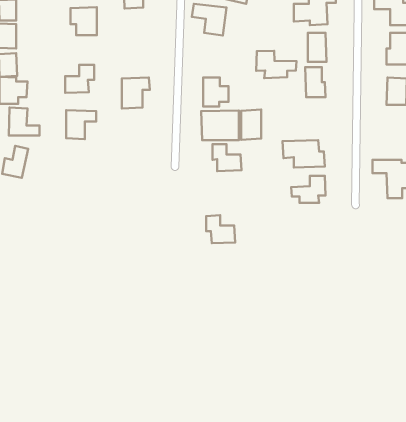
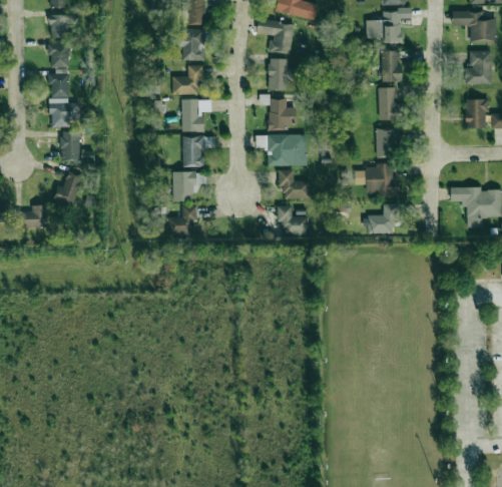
building: [71,7,97,35] -> [176,30,204,60]
building: none -> [268,59,293,89]
building: [256,51,297,78] -> none
building: [65,65,94,93] -> [172,65,203,95]
building: none -> [376,128,398,157]
building: [241,110,261,140] -> none
building: [66,110,96,139] -> [182,136,214,167]
building: none -> [172,171,196,201]
building: none -> [166,205,195,237]
building: [206,215,235,243] -> [277,205,308,235]

